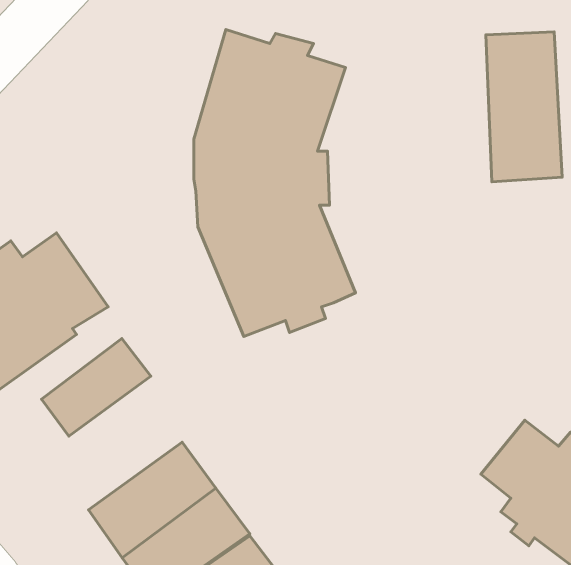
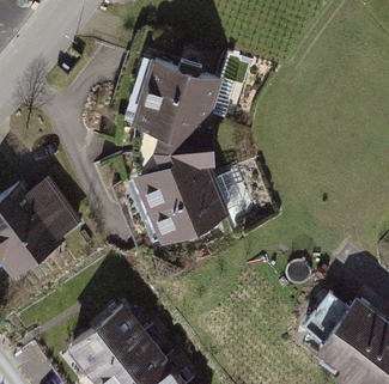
building: [486,32,562,182] -> none
building: [41,339,151,436] -> none

